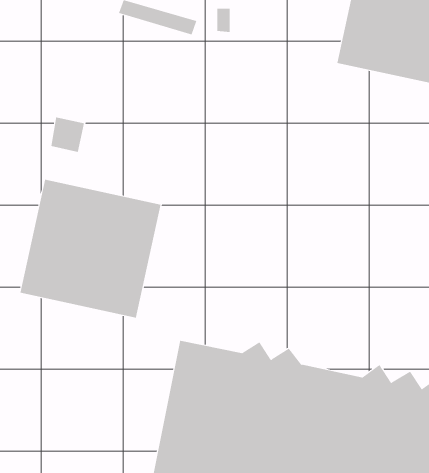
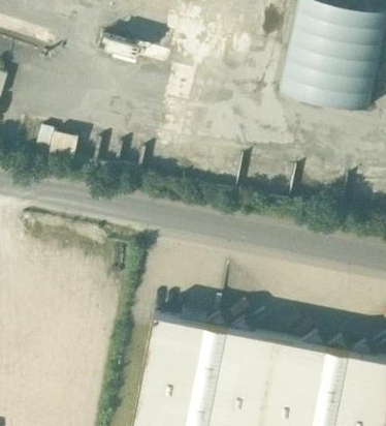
building: [20,179,161,319] -> none

